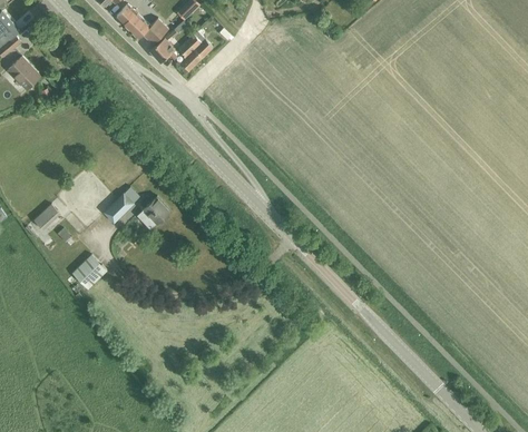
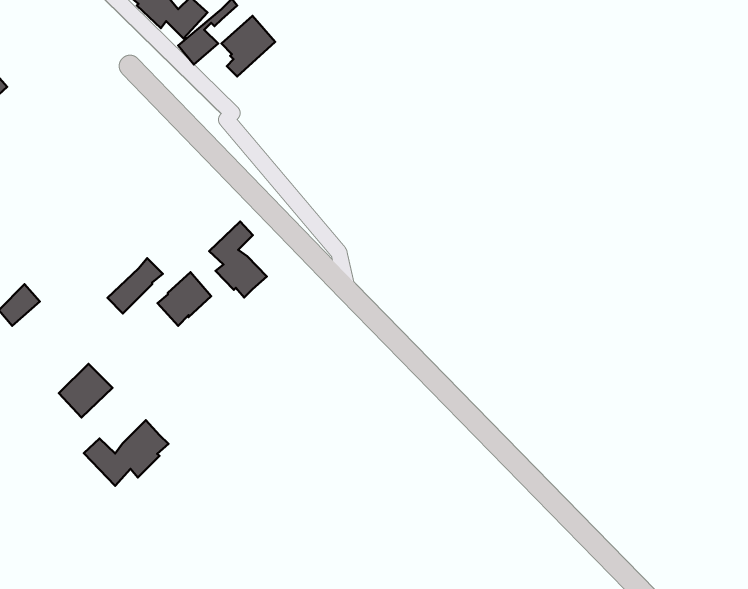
building: none -> [209,222,267,298]
building: none -> [84,420,168,486]

